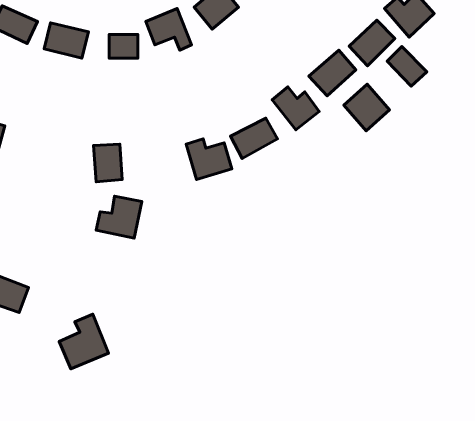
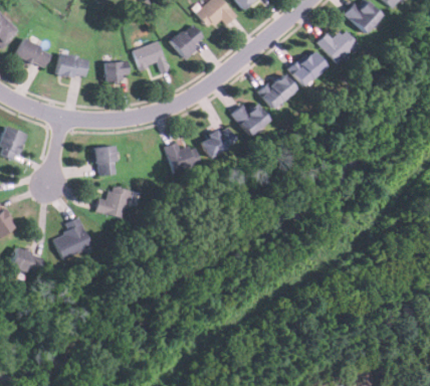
building: [387,47,427,86] -> none
building: [344,84,390,131] -> none
building: [59,314,109,369] -> [53,217,91,259]

